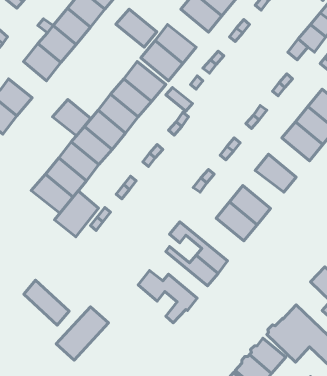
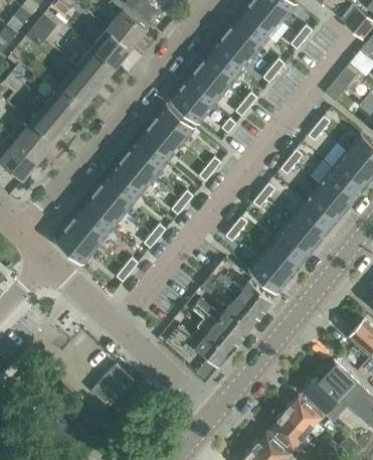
building: [116,9,157,47] -> [198,48,241,89]
building: [53,100,91,136] -> [30,104,70,142]
building: none -> [305,184,348,225]
building: none -> [277,218,321,259]
building: [54,191,98,237] -> none
building: none -> [211,259,272,314]
building: none -> [192,304,240,353]
building: [24,280,69,325] -> none

